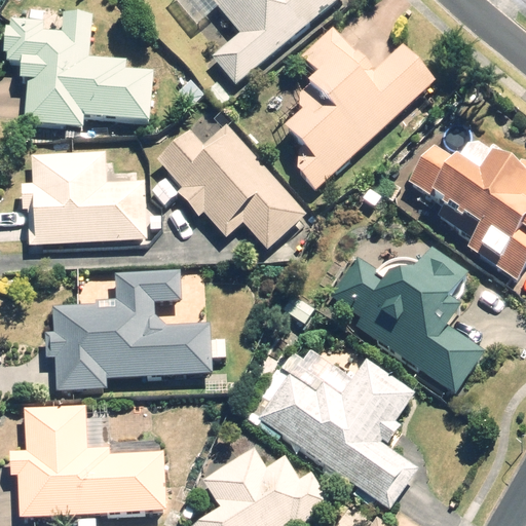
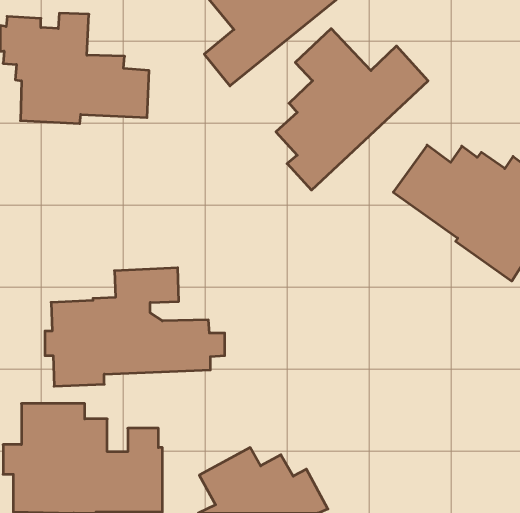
building: [151,125,305,251] -> none
building: [18,152,163,243] -> none
building: [328,249,483,396] -> none
building: [256,359,419,510] -> none

